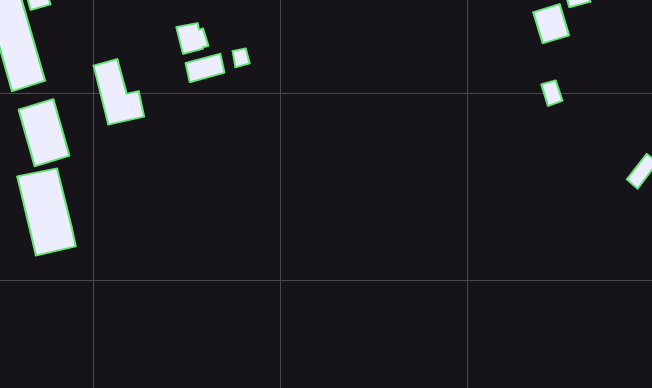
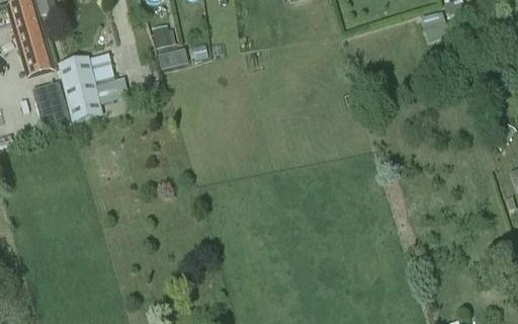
building: [17,169,76,255] -> [59,56,103,122]

